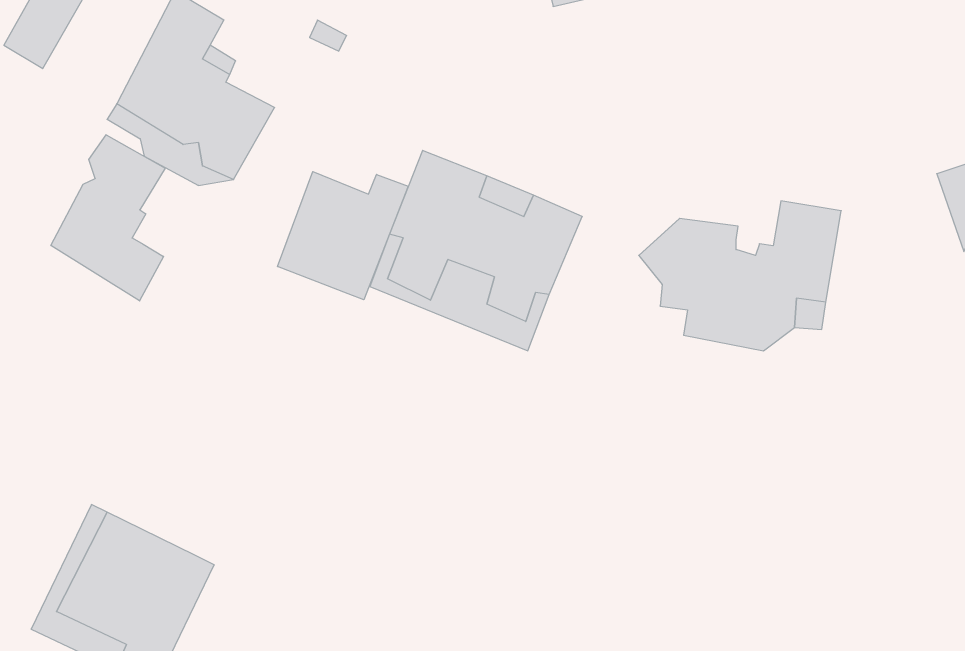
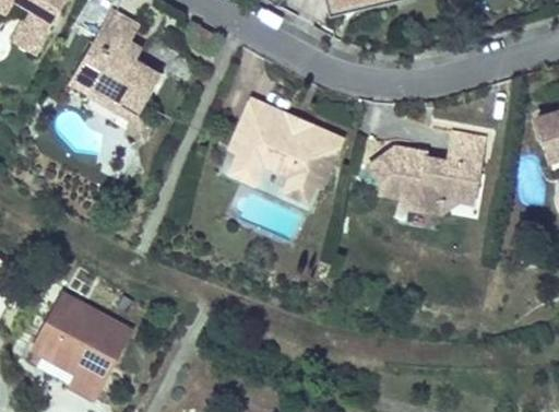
building: [51,135,165,301] -> none
building: [278,172,408,300] -> none

